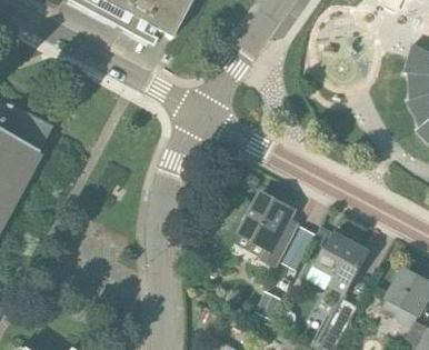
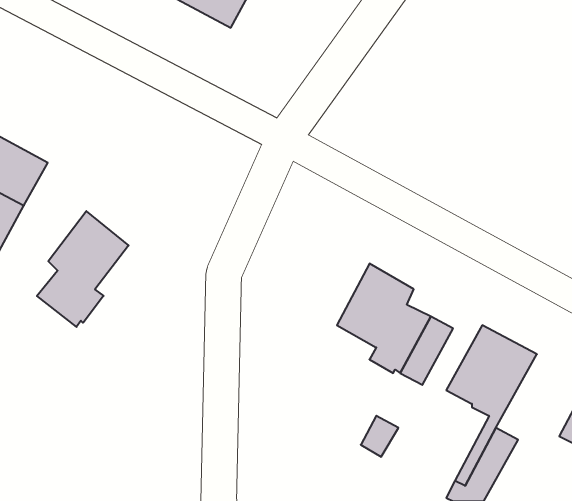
building: none -> [37,211,129,327]

